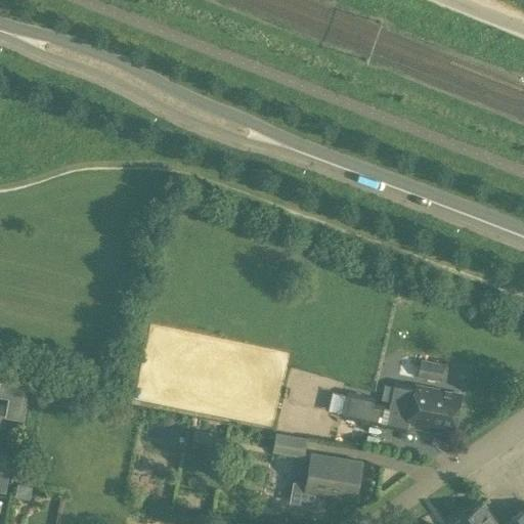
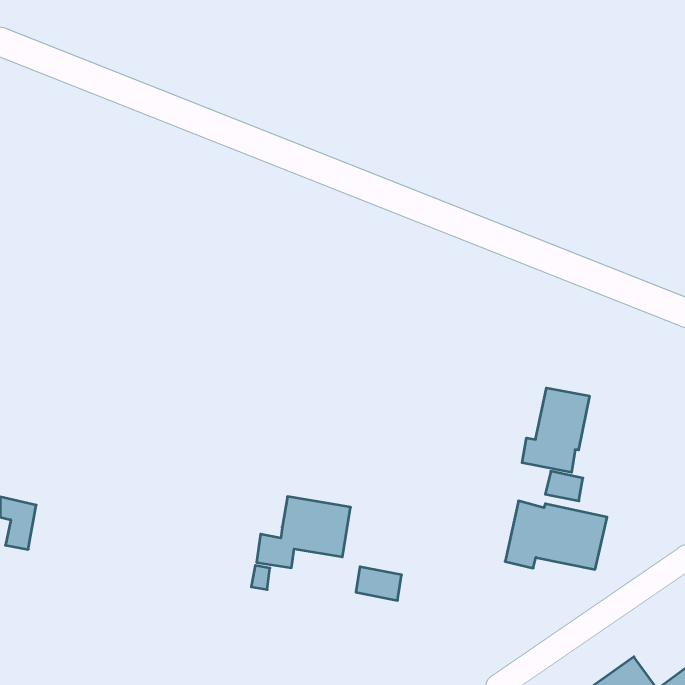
building: none -> [522,388,589,472]
building: [342,392,386,428] -> none
building: [290,453,361,508] -> [257,497,351,568]

